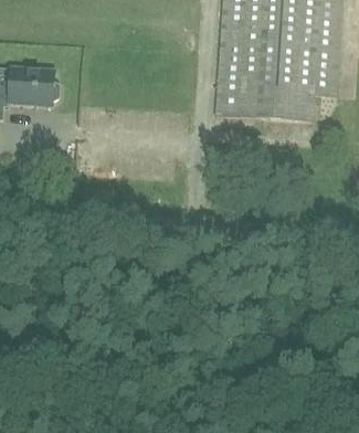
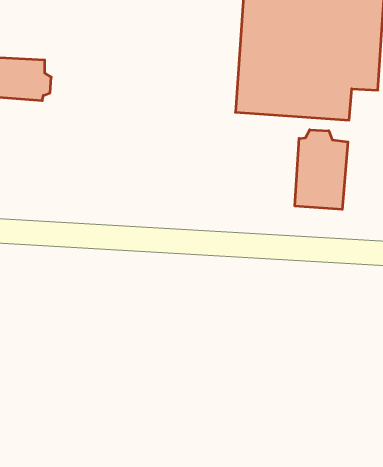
building: none -> [295,130,348,209]

